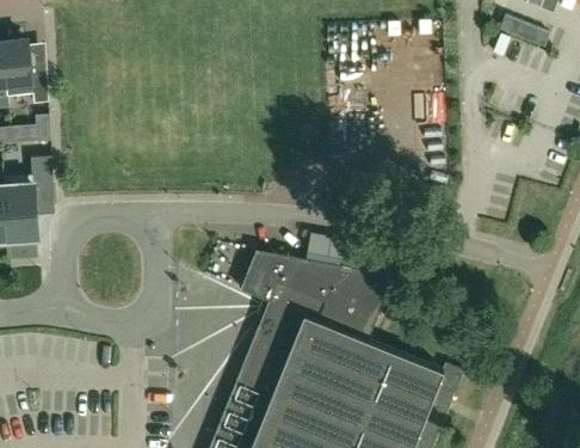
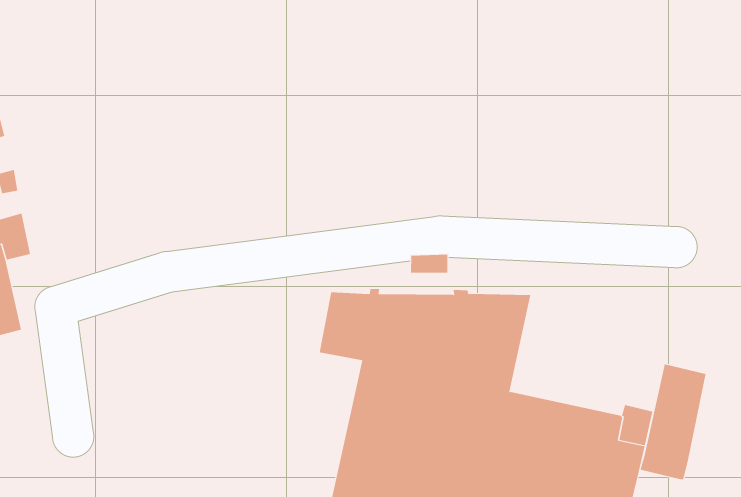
building: none -> [640,363,706,480]

